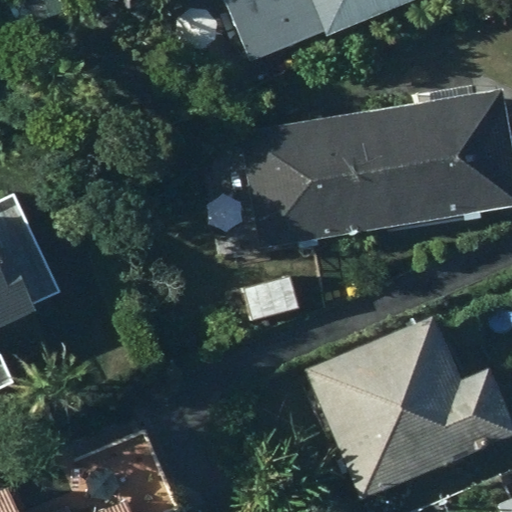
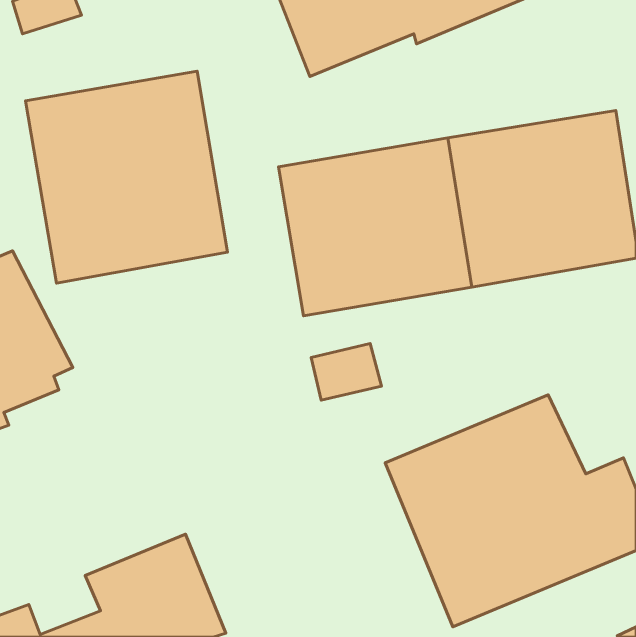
building: none -> [26,71,228,283]

